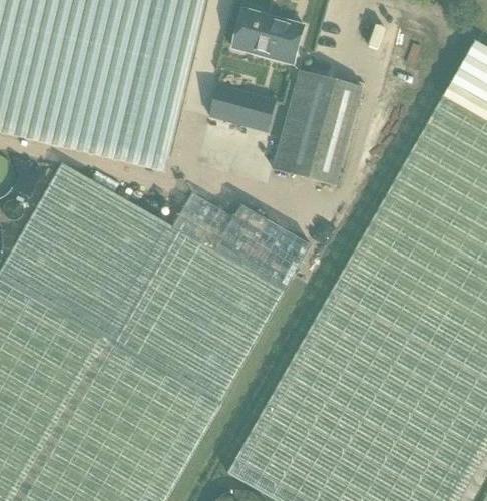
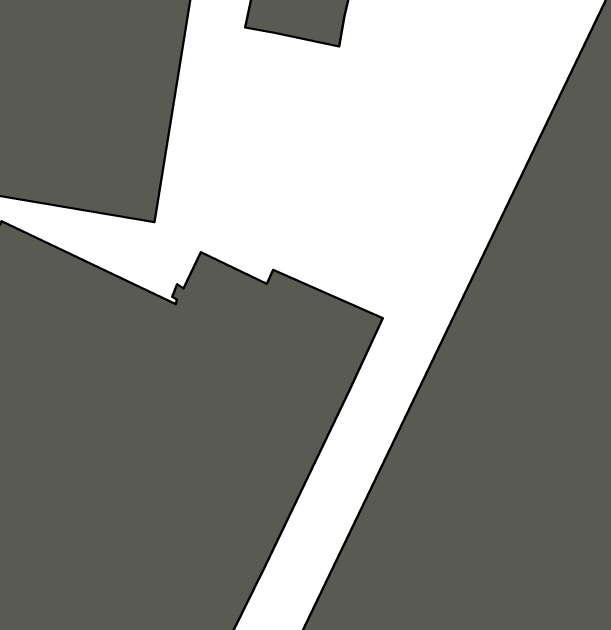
building: [273,70,362,186] -> none
building: [209,85,276,130] -> none

